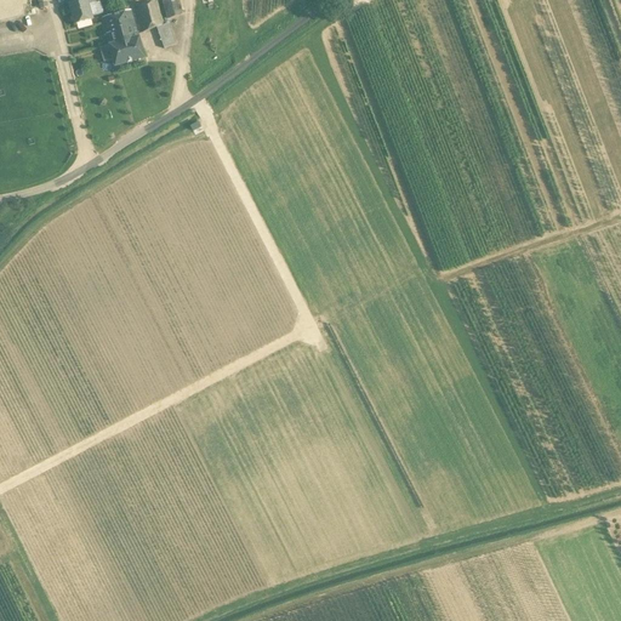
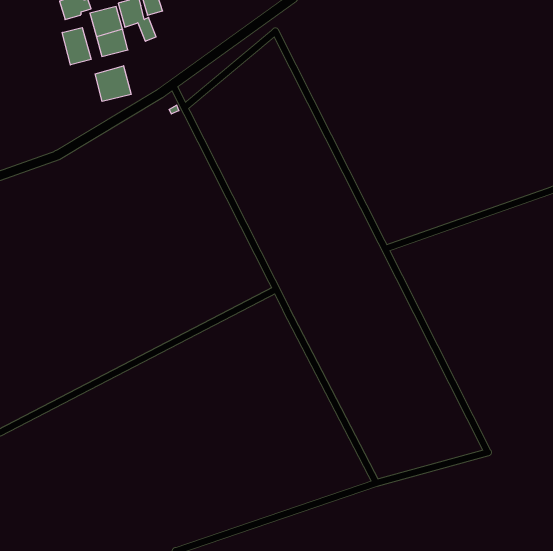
building: none -> [62,28,91,65]
building: none -> [95,66,131,101]

